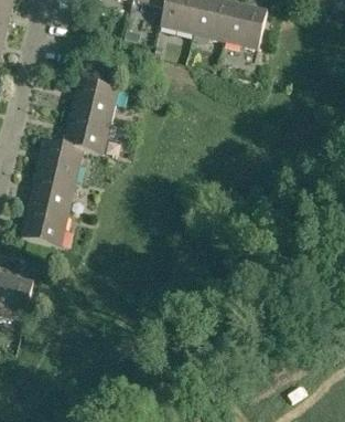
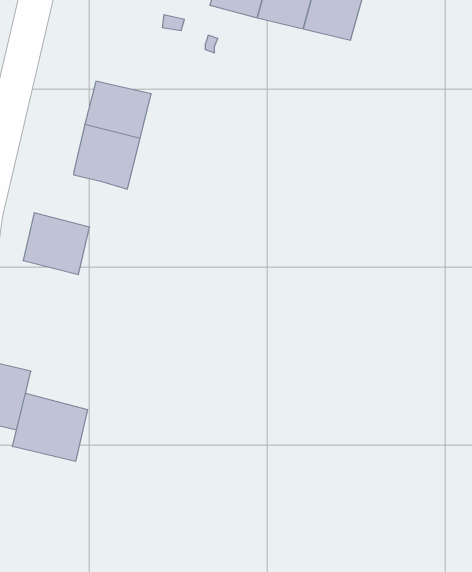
building: [35,139,82,180] -> none
building: [20,203,66,246] -> none
building: none -> [13,393,88,461]

